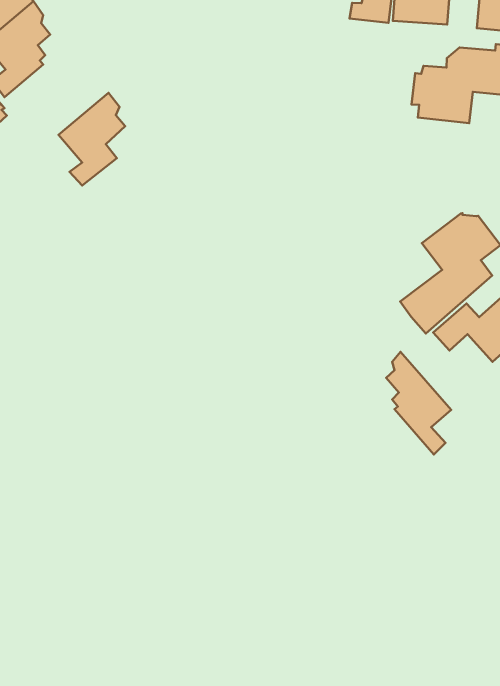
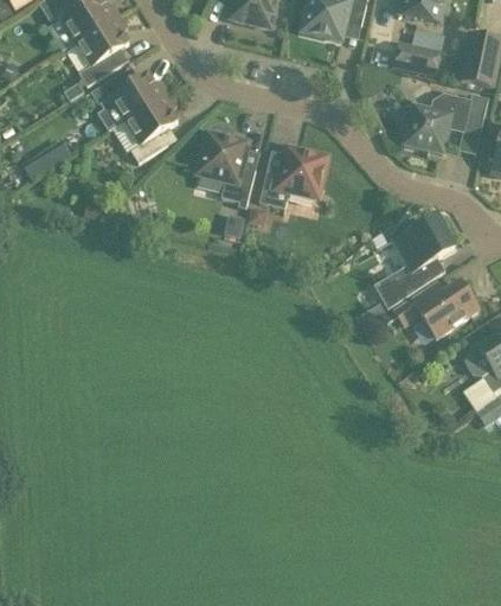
building: none -> [90,71,168,130]
building: none -> [198,132,256,208]
building: none -> [259,146,327,208]
building: [386,352,451,454] -> none

